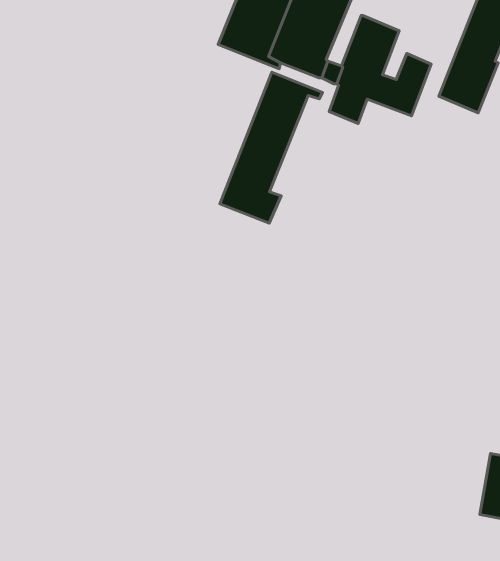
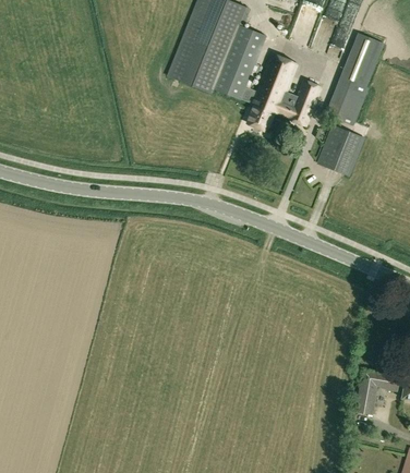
building: [220,72,322,223] -> none
building: none -> [318,126,364,175]

